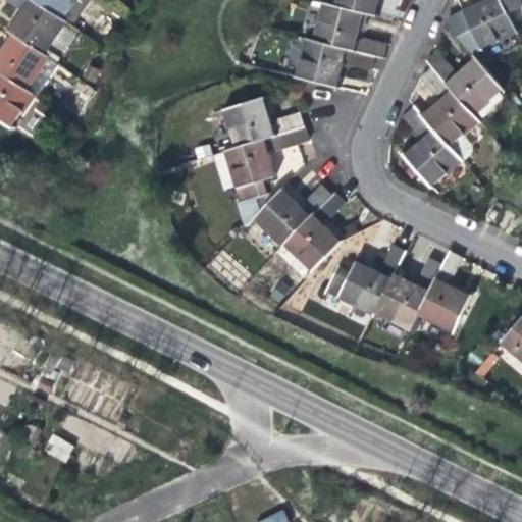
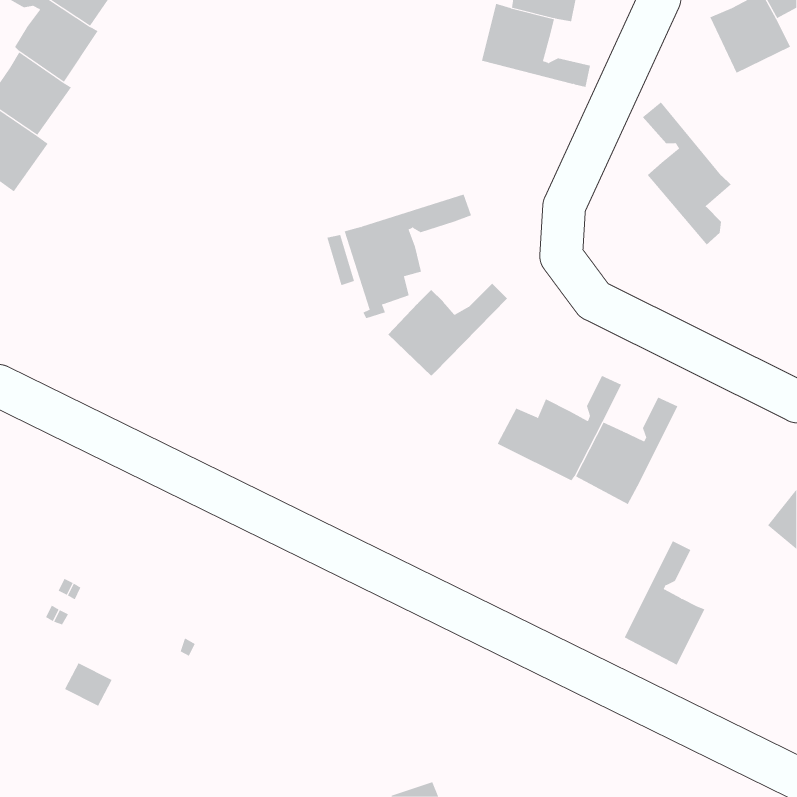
building: [296,38,374,87] -> none
building: [426,50,502,114] -> none
building: [223,97,303,148] -> none
building: [404,106,461,187] -> none
building: [283,193,344,271] -> none
building: [418,251,471,332] -> [624,540,705,666]

